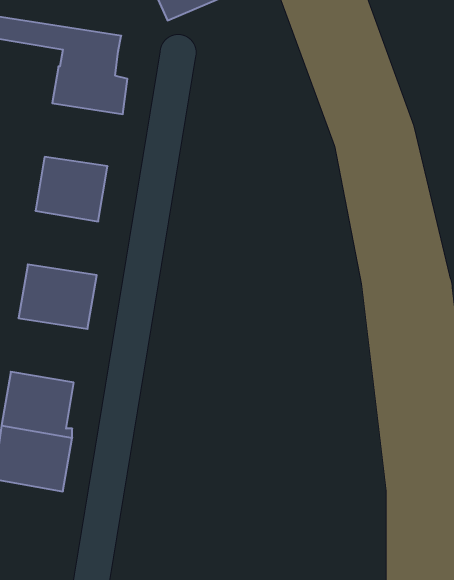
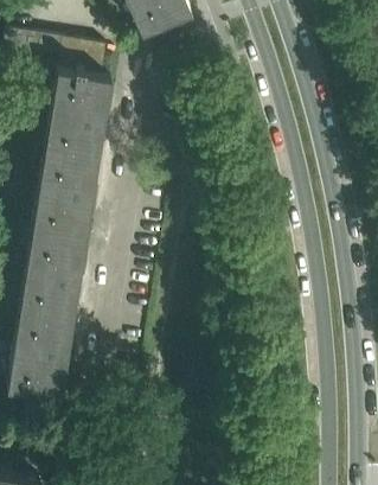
building: none -> [46,95,107,143]
building: none -> [33,178,92,228]
building: none -> [20,261,79,311]

